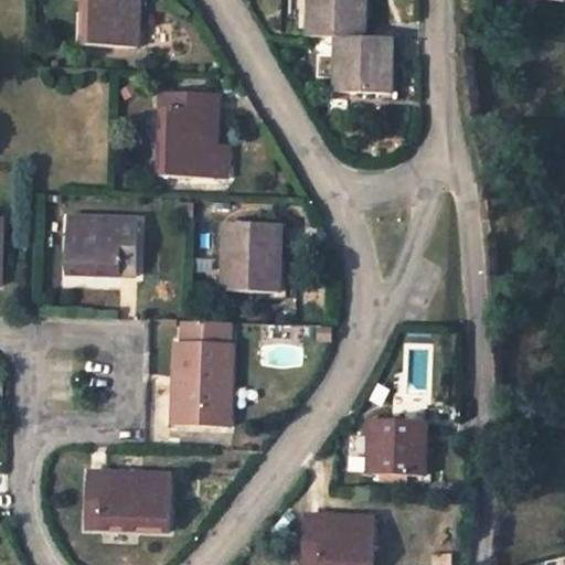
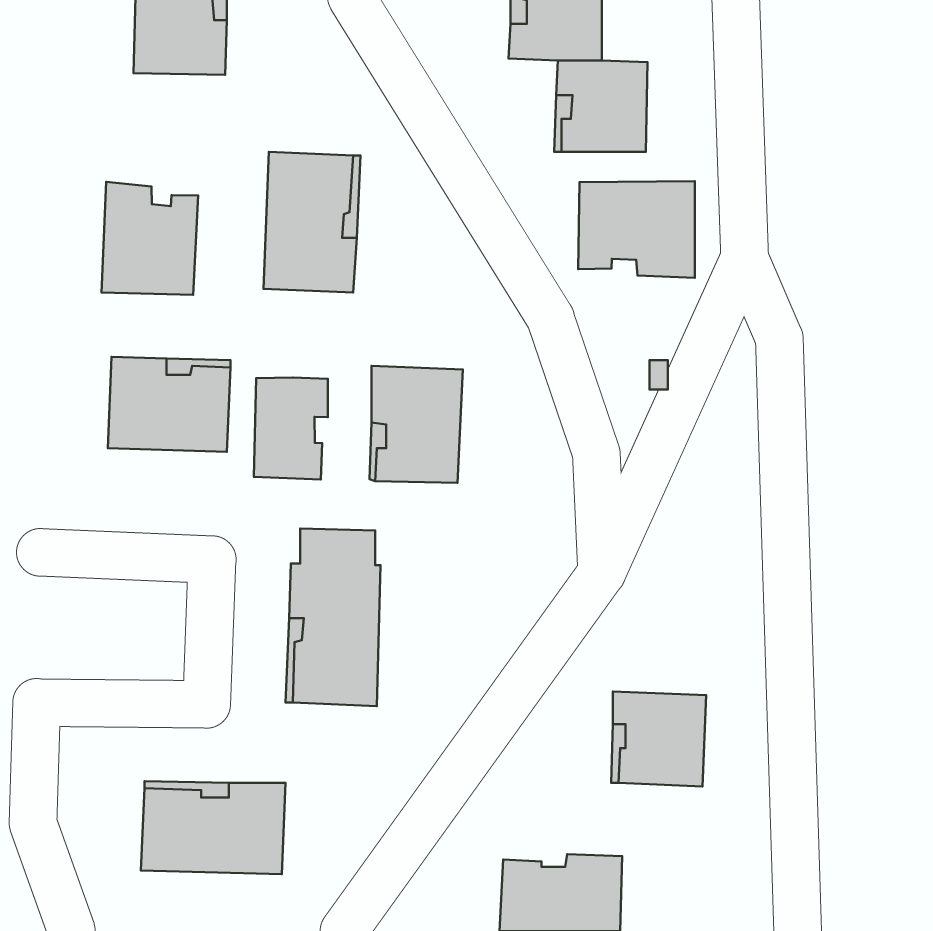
building: none -> [578,181,695,278]
building: none -> [102,182,198,295]
building: none -> [254,378,328,479]

